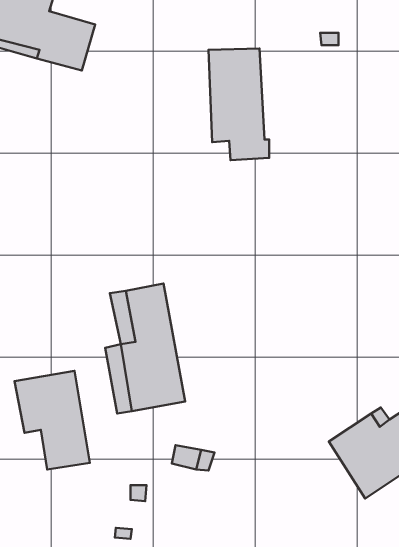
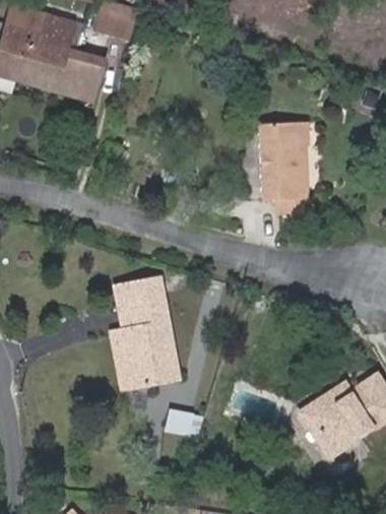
building: [209,48,269,160] -> [260,122,311,215]
building: [14,371,90,470] -> none

